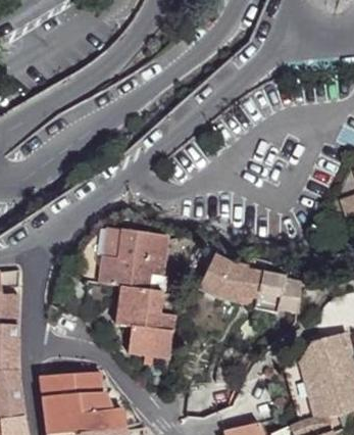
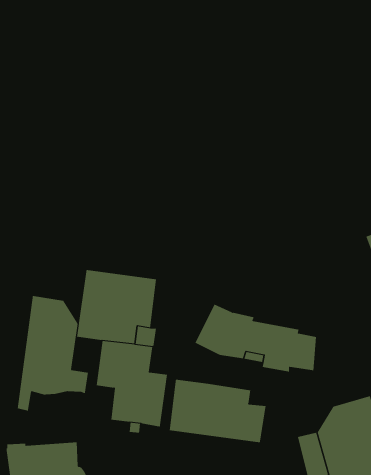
building: none -> [17,295,89,412]
building: none -> [169,379,266,443]

